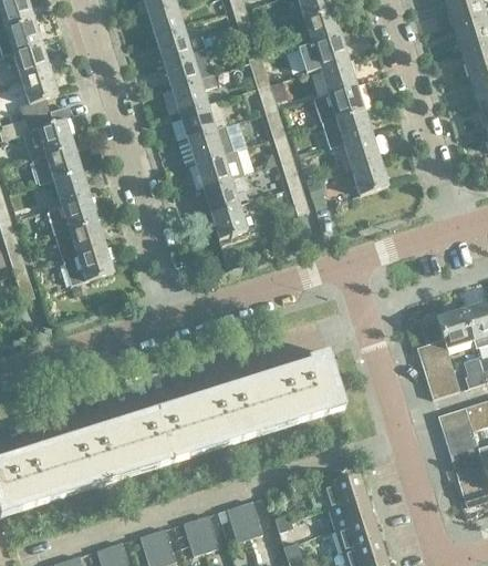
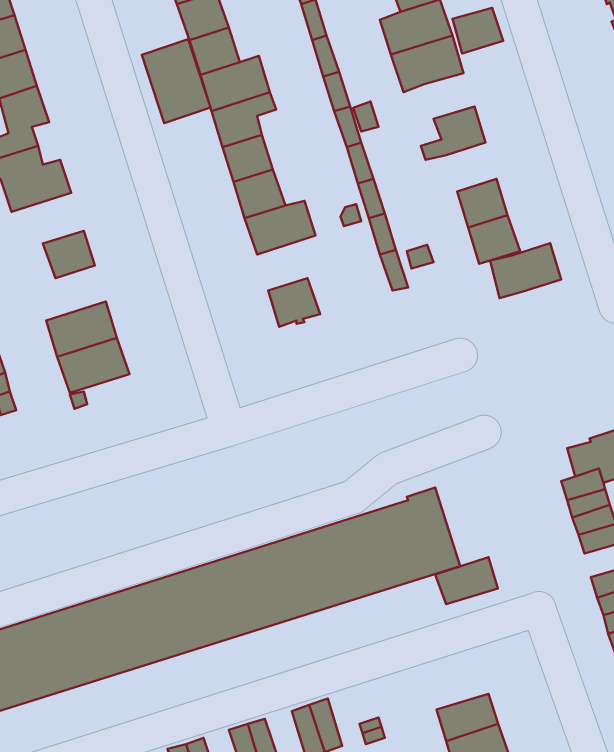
building: none -> [142,39,210,123]
building: [320,59,355,91] -> [453,8,503,53]
building: [321,107,371,146] -> [490,243,561,298]
building: [30,143,81,183] -> none
building: [203,173,248,212] -> none
building: [46,194,96,233] -> none
building: [321,473,365,506] -> [435,557,498,604]

